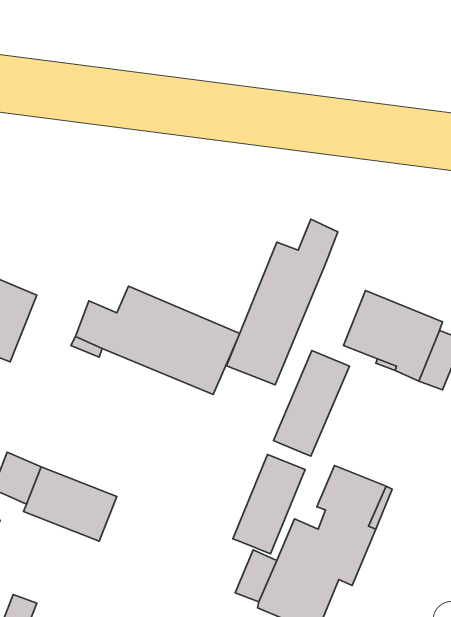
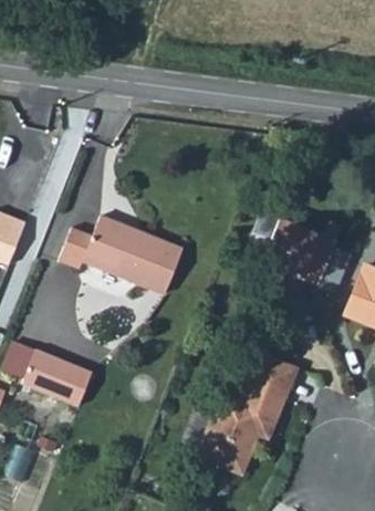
building: [227,219,338,385] -> none
building: [273,351,349,456] -> none
building: [233,454,305,554] -> none

